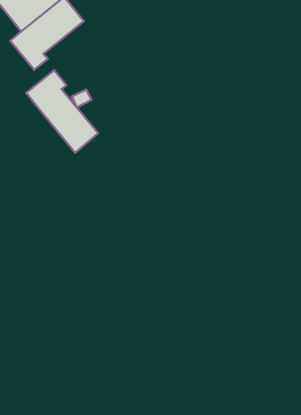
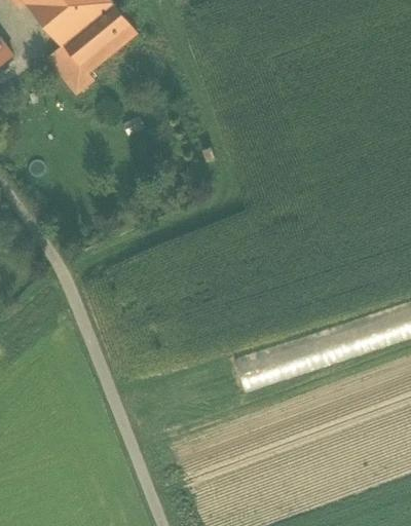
building: [26,70,98,153] -> none

